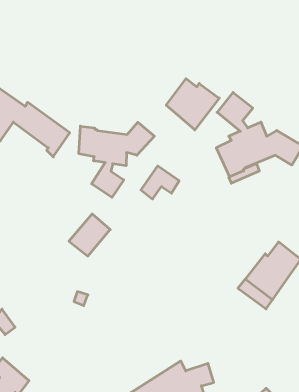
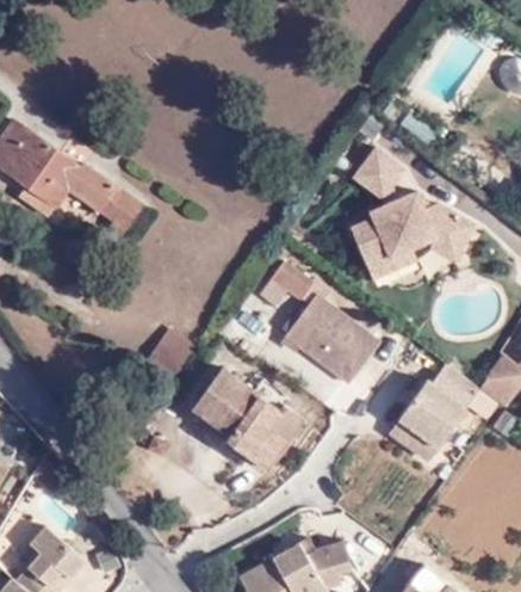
building: [166,79,219,130] -> none
building: [79,122,154,197] -> none
building: none -> [280,292,373,380]
building: none -> [194,366,305,458]

